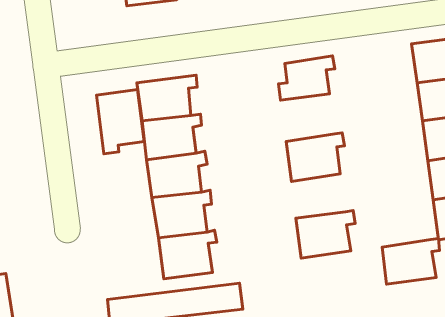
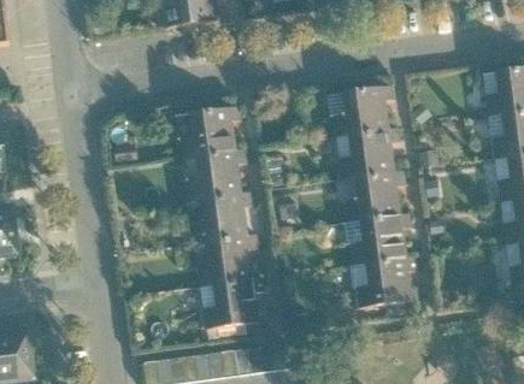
building: [97,89,144,154] -> none
building: none -> [337,126,398,179]
building: [382,239,440,284] -> [349,214,413,265]

